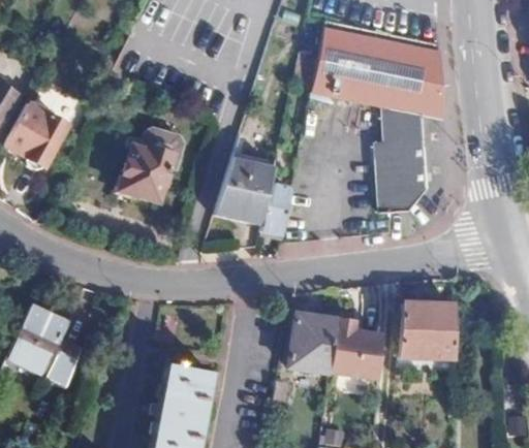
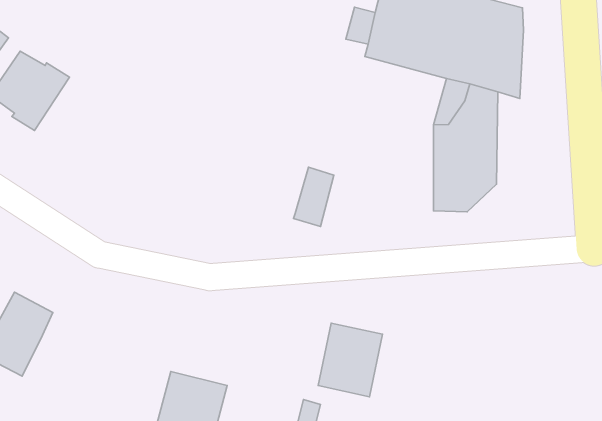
building: [119,131,191,207] -> none
building: [215,166,273,226] -> none
building: [403,307,458,357] -> none
building: [334,319,385,381] -> none
building: [44,342,77,386] -> none

